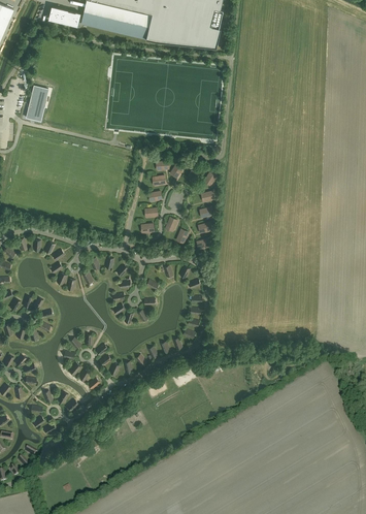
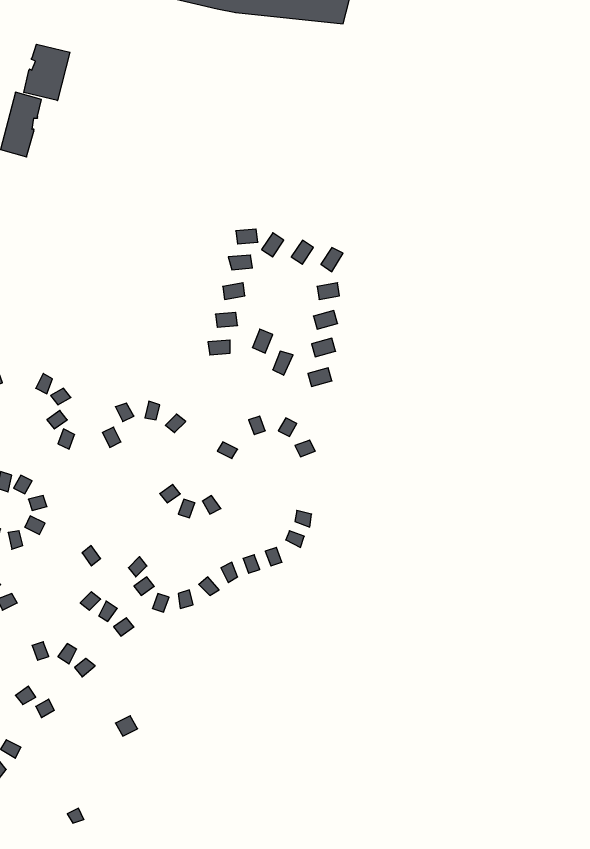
building: none -> [24,44,70,101]

